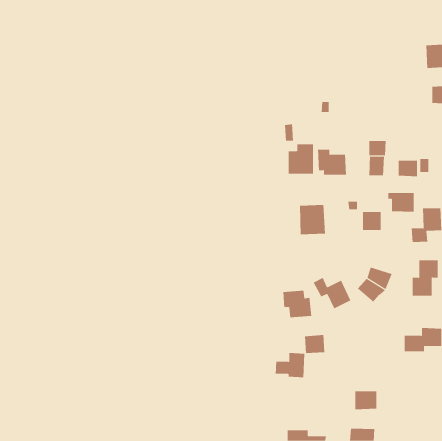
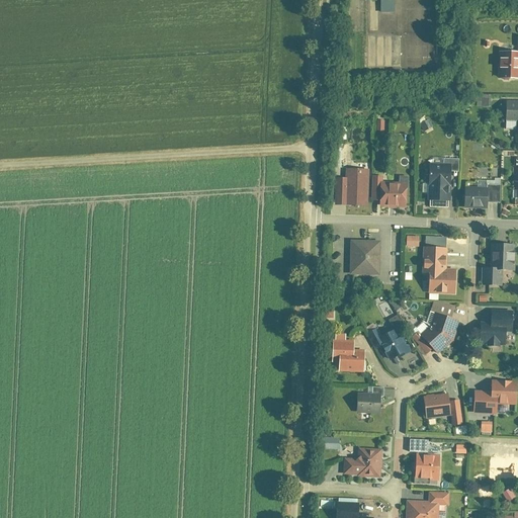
building: [388,192,414,212] -> [424,269,455,292]
building: none -> [425,393,463,425]
building: [275,353,305,378] -> [344,448,379,478]

